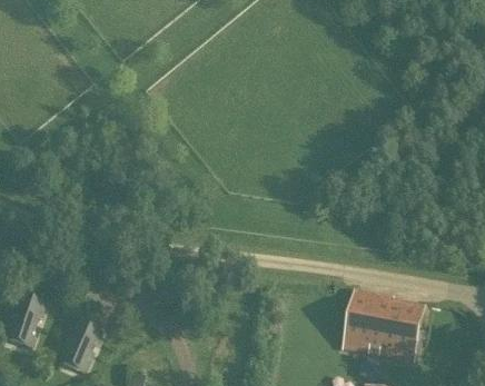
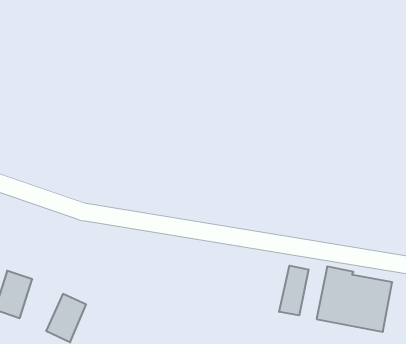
building: none -> [279,266,308,315]

